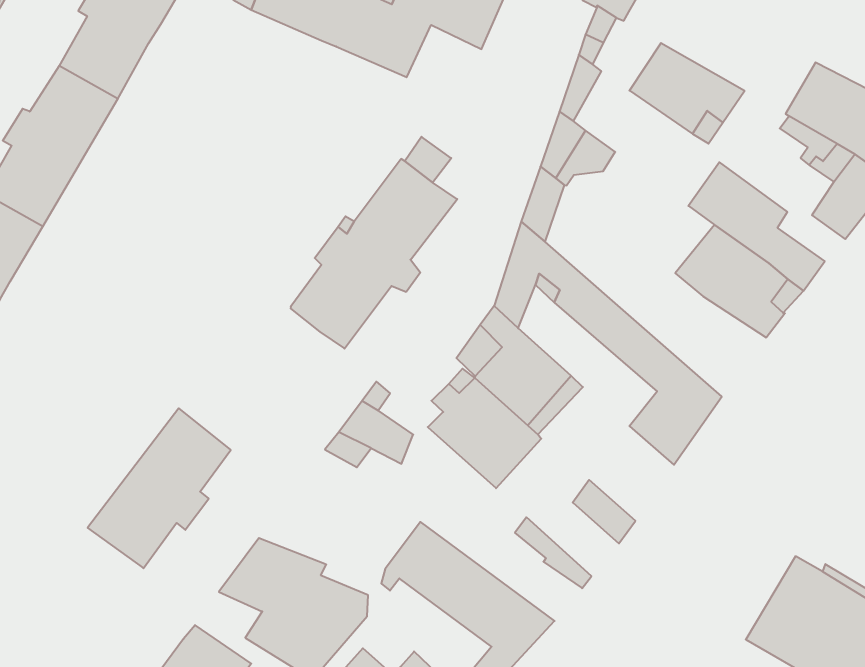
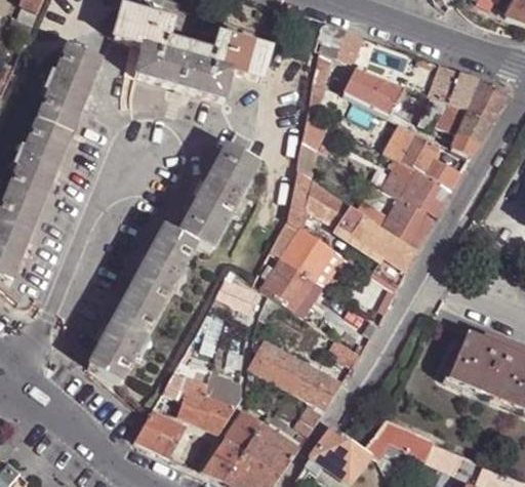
building: none -> [355,198,435,250]
building: none -> [126,227,196,315]

